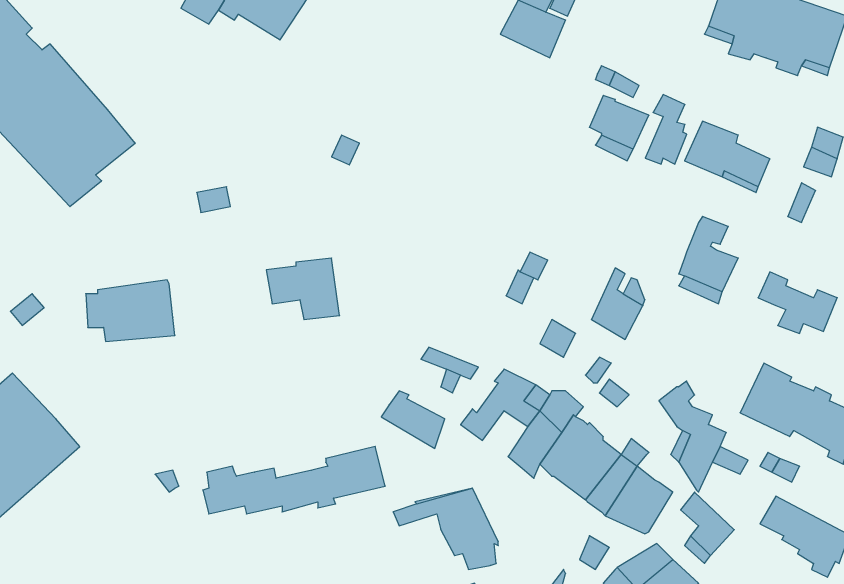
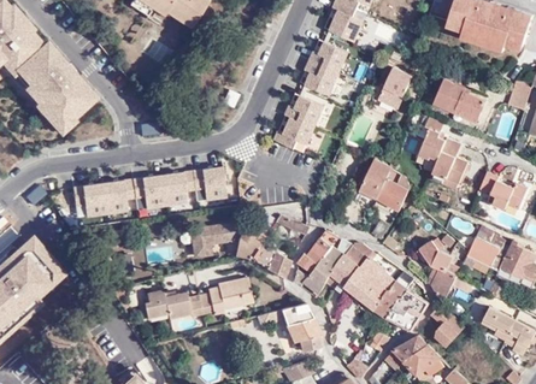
building: none -> [299,40,347,95]
building: [645,95,687,164] -> [418,118,443,160]
building: none -> [272,93,323,147]
building: none -> [361,161,393,201]
building: none -> [122,169,185,208]
building: none -> [192,228,265,260]
building: none -> [295,256,340,295]

